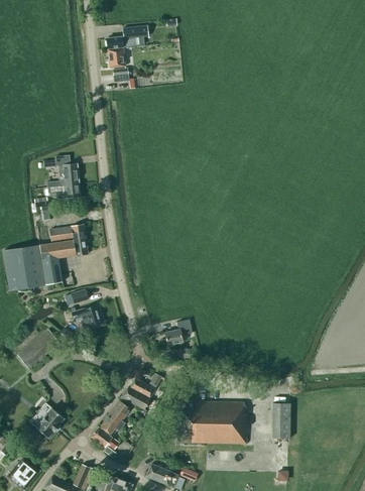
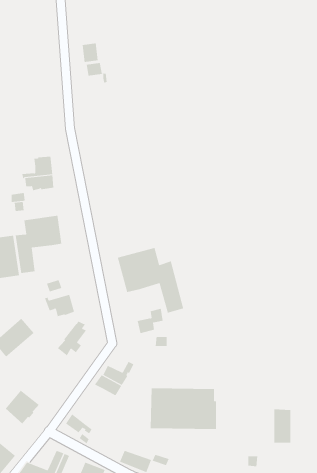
building: [106,26,148,49] -> none
building: none -> [117,247,184,313]
building: [100,398,130,435] -> [57,321,87,356]
building: [272,403,290,439] -> [273,409,291,443]

